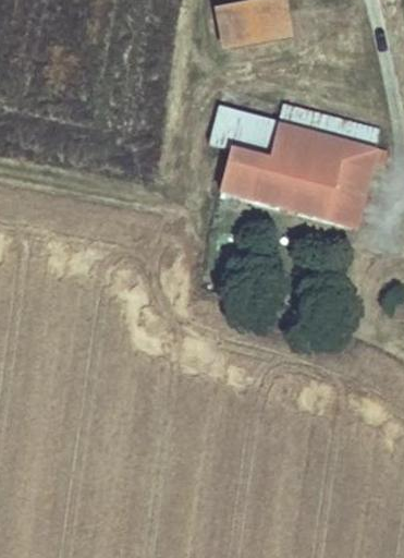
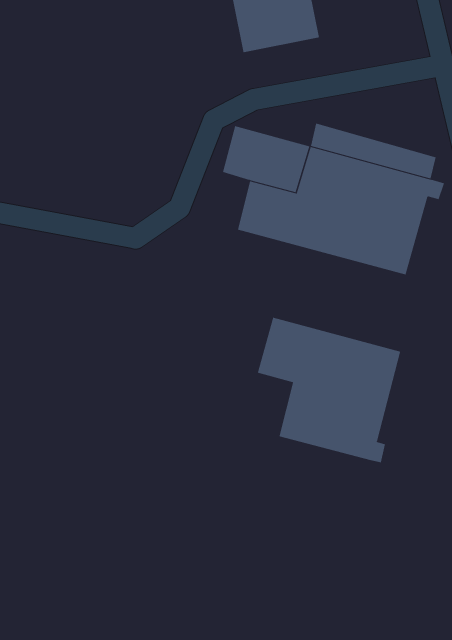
building: none -> [257,317,401,463]

